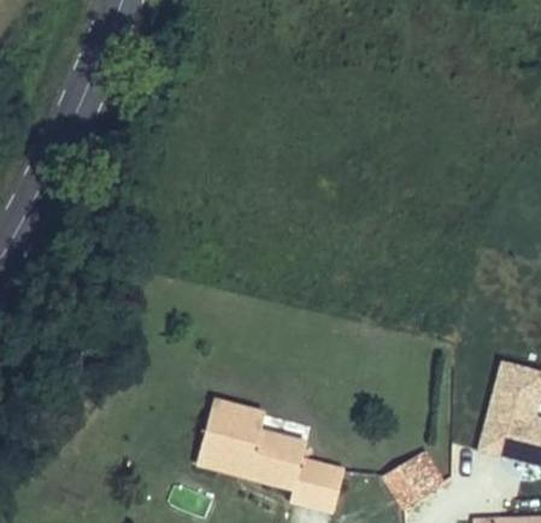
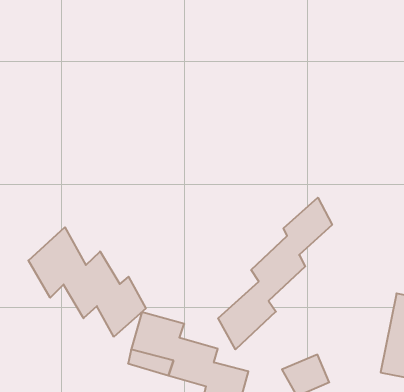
building: none -> [218,198,332,349]
building: none -> [28,227,146,337]

